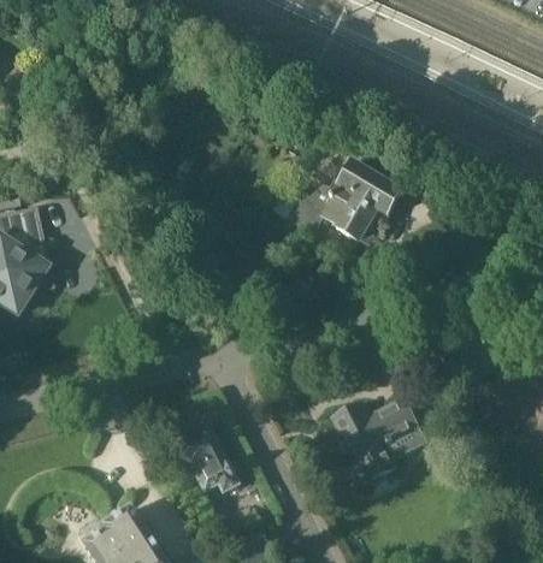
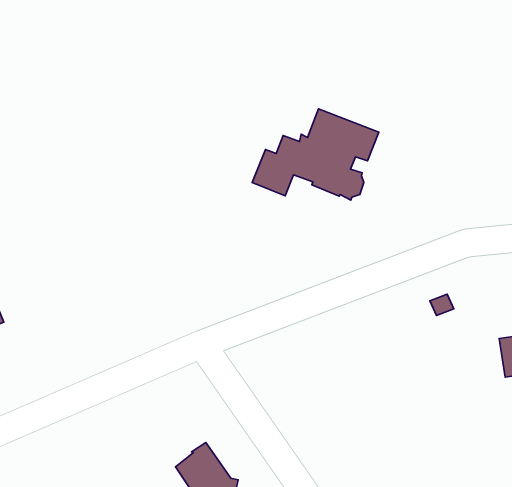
building: [330,397,417,481] -> none

